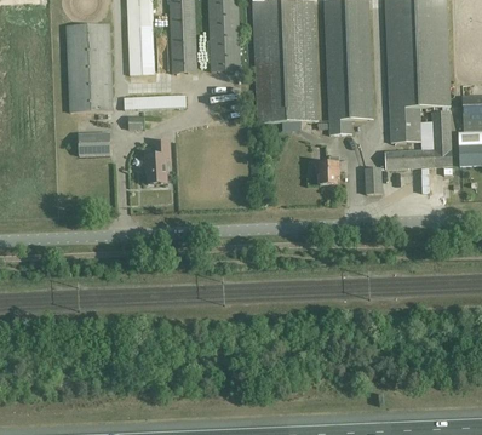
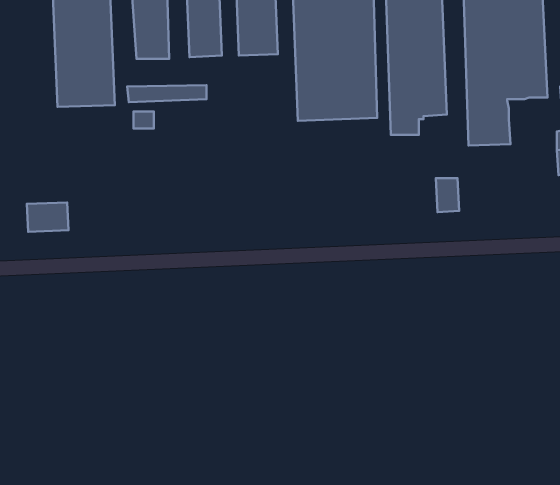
building: [383,104,451,168] -> none
building: [78,132,110,155] -> [27,202,69,232]
building: [144,141,170,183] -> none
building: [314,155,339,184] -> none

